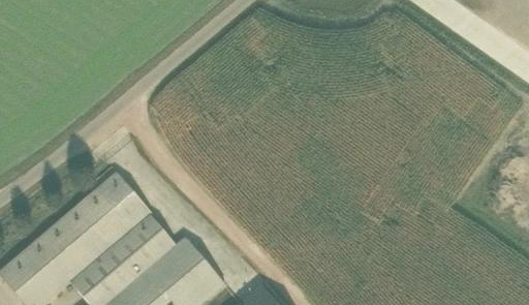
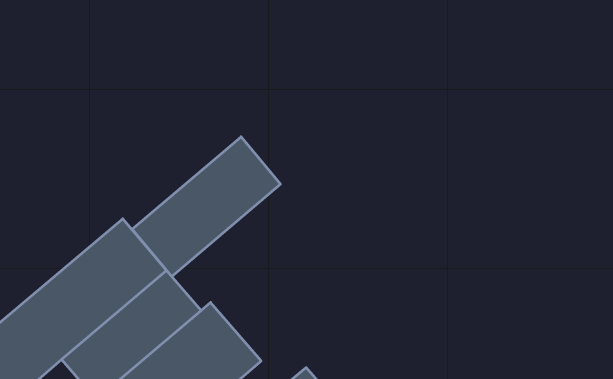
building: none -> [132,137,280,276]

